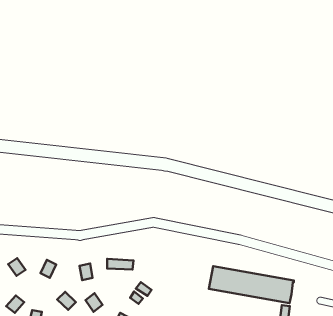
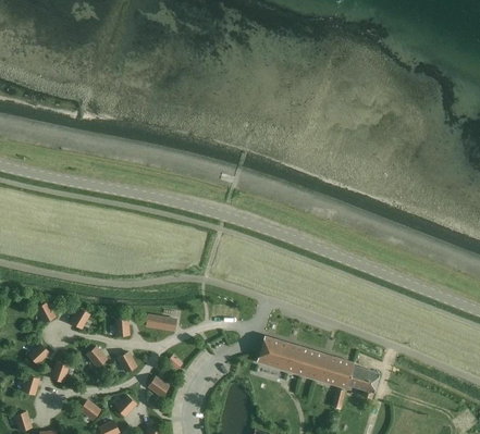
building: none -> [345,362,379,398]

